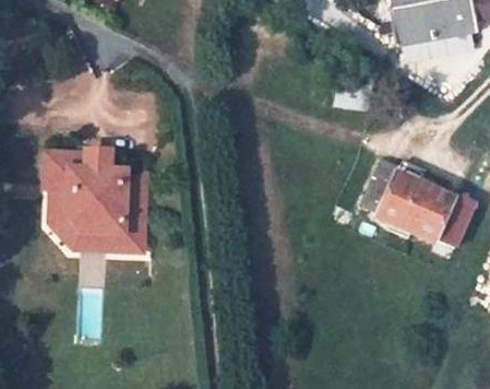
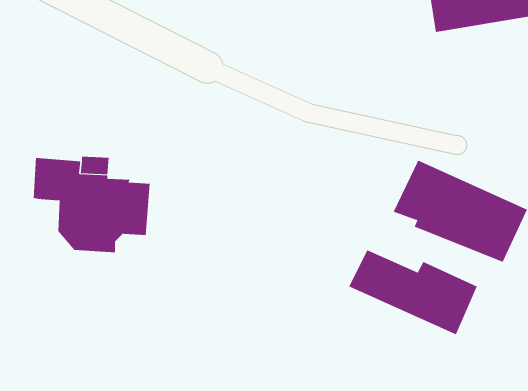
building: [47,192,143,259] -> none
building: none -> [348,249,477,335]

